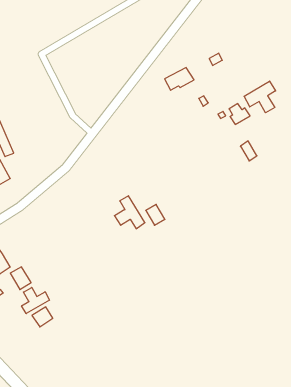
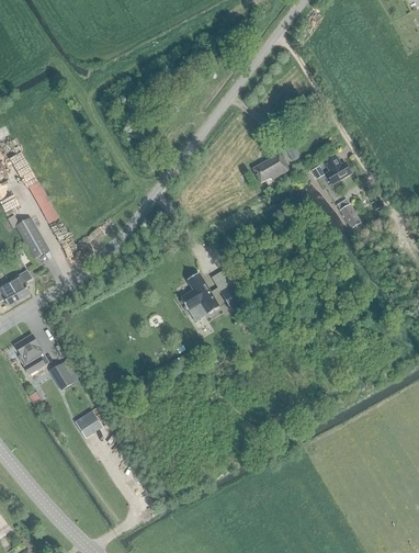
building: [165,68,194,90] -> [253,153,291,181]
building: [244,81,276,113] -> none
building: [22,287,49,314] -> none

